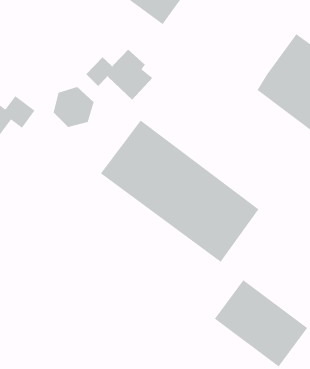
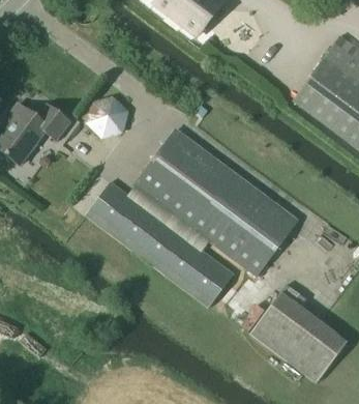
building: [86,49,153,100] -> none
building: none -> [85,181,233,307]

